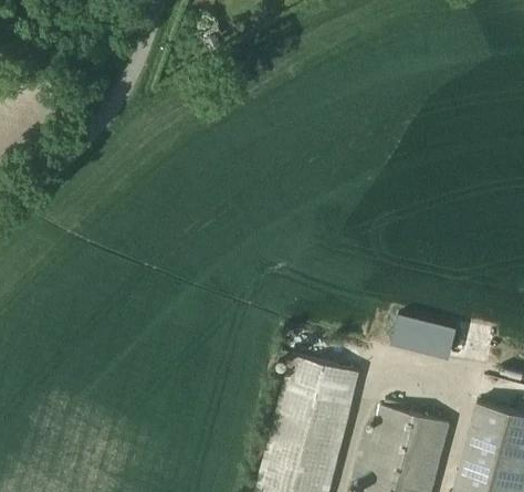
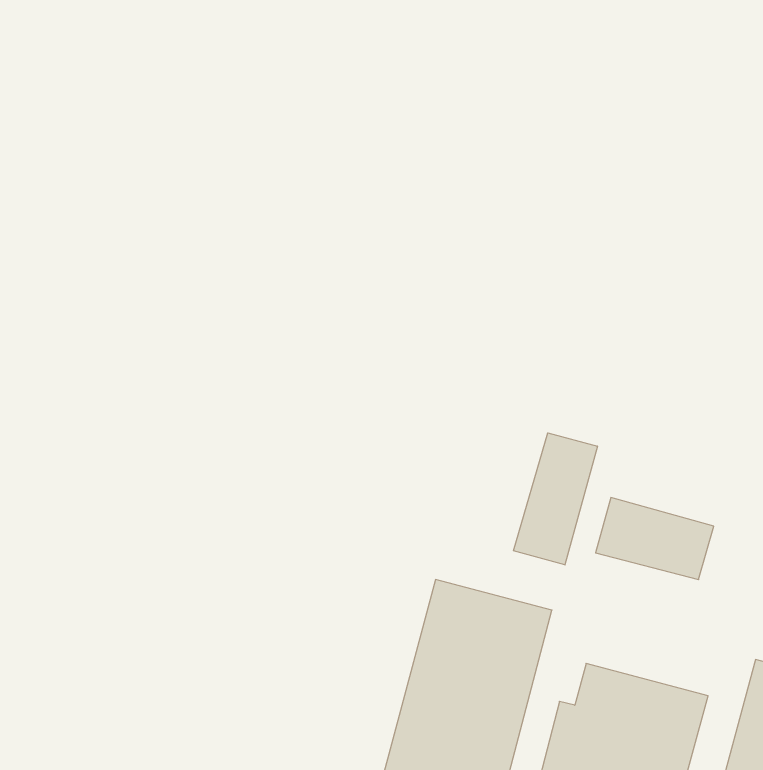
building: none -> [514,433,597,565]

